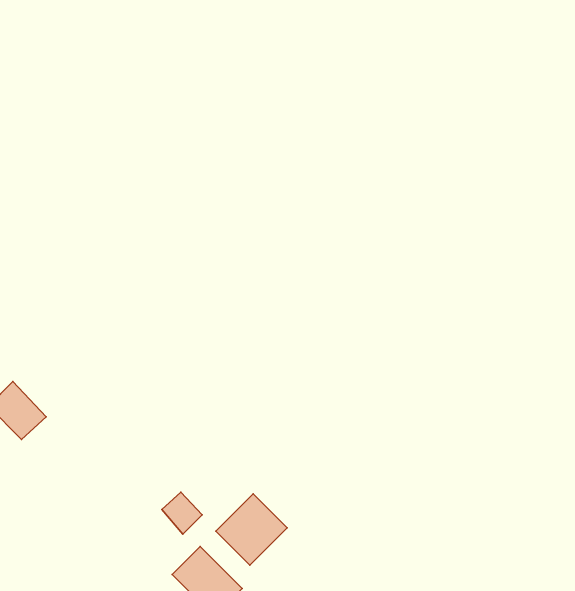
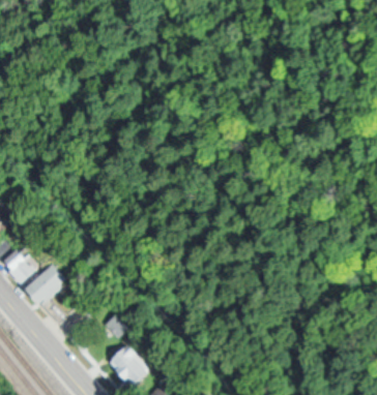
building: none -> [26,265,66,304]
building: [216,494,287,565] -> none

